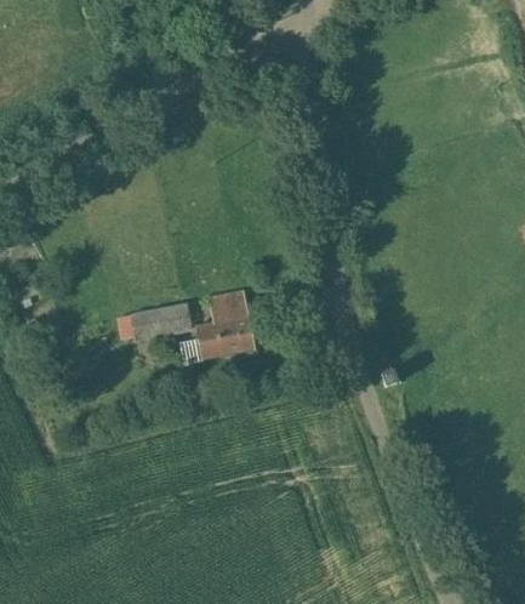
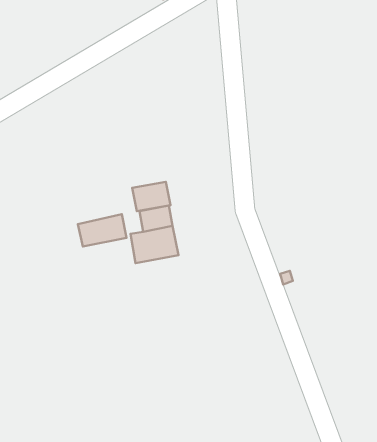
building: none -> [132,182,170,211]

